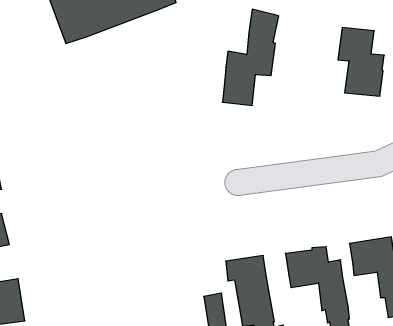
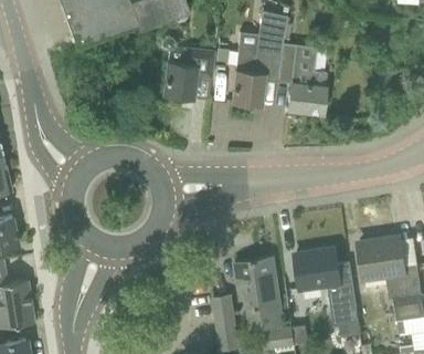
building: [338,28,384,96] -> [279,45,326,114]
building: none -> [162,50,213,101]

